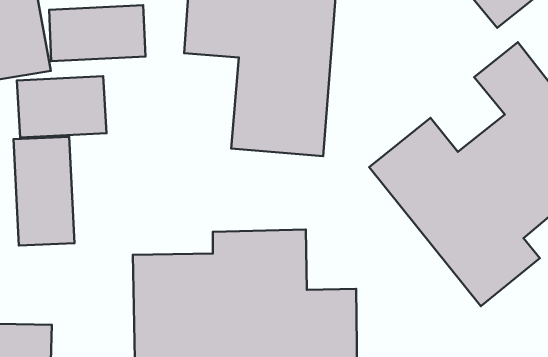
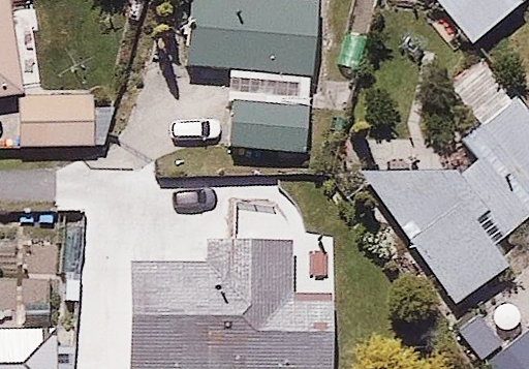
building: [49,5,145,61] -> none
building: [13,137,74,245] -> none

